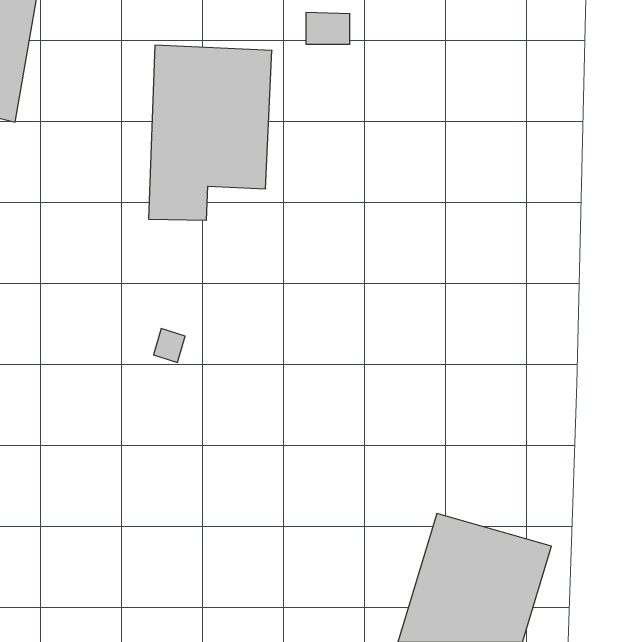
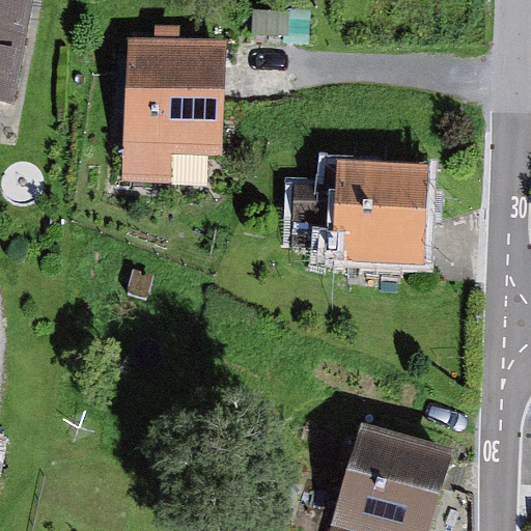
building: none -> [292,162,428,272]

